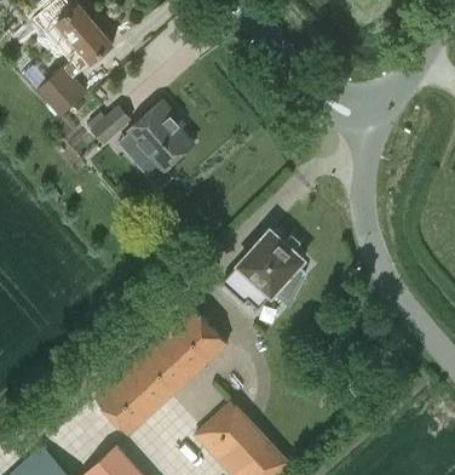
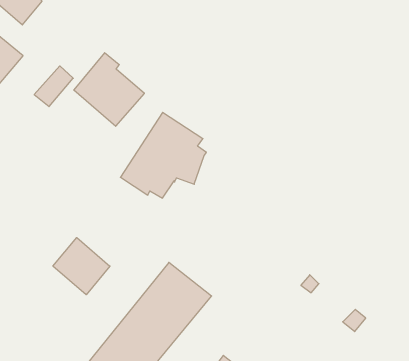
building: [220,230,304,310] -> [120,112,206,198]
building: none -> [53,238,110,295]

